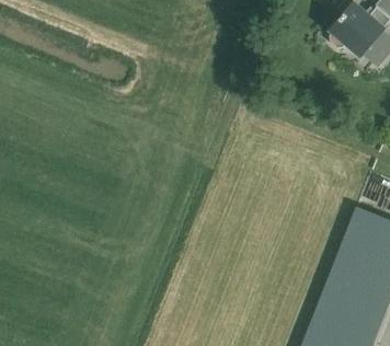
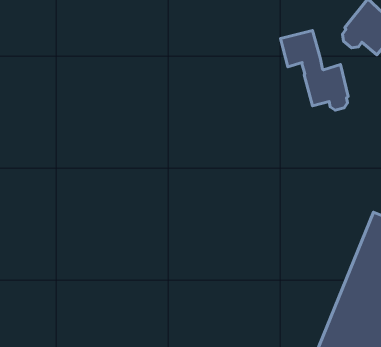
building: none -> [281,31,348,110]

